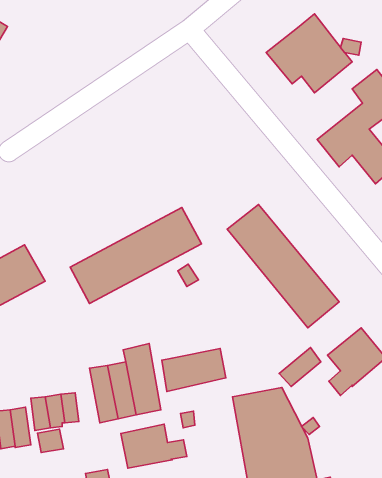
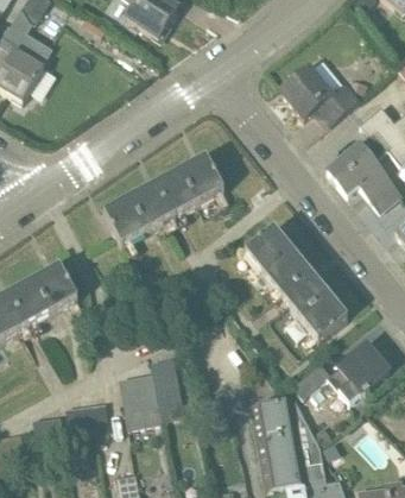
building: [70,207,201,303] -> [105,158,224,246]
building: [162,348,226,392] -> none
building: [121,424,187,468] -> none

